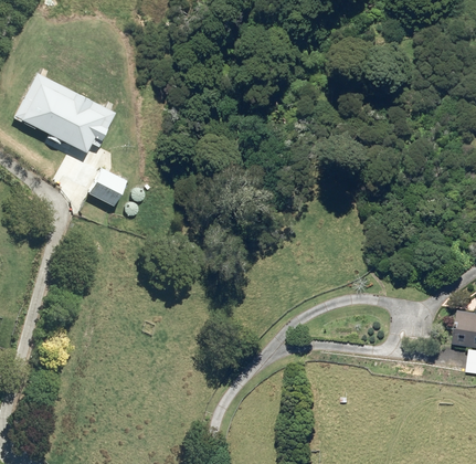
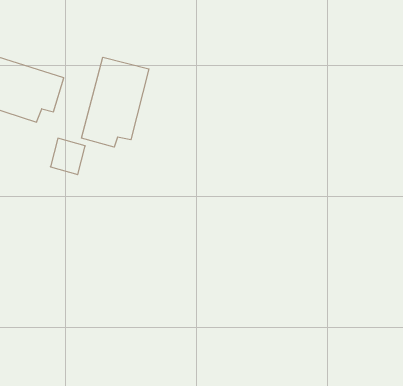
building: none -> [82,57,149,147]

